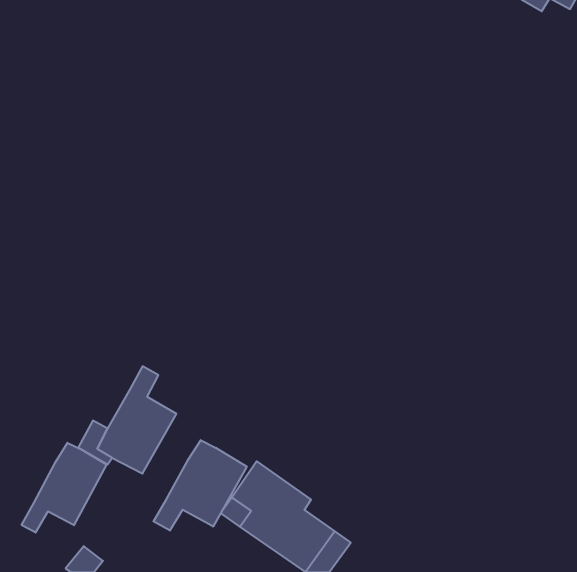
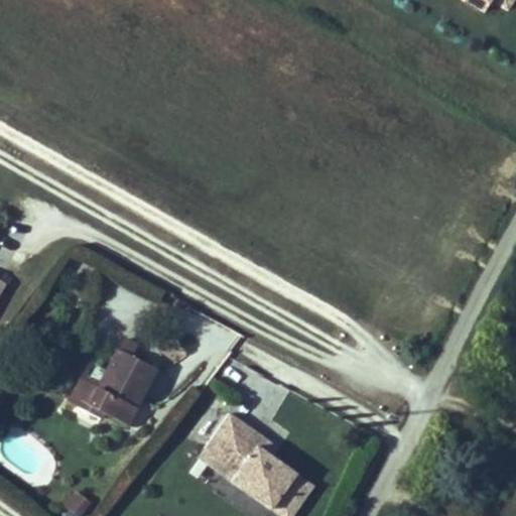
building: [153,440,247,531] -> none
building: [22,443,107,533] -> none

